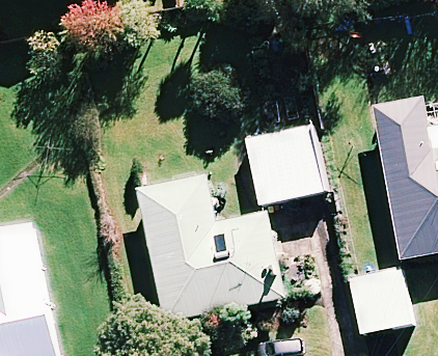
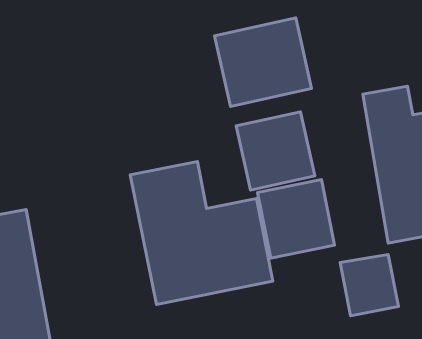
building: none -> [215,18,312,107]
building: none -> [258,179,335,258]

